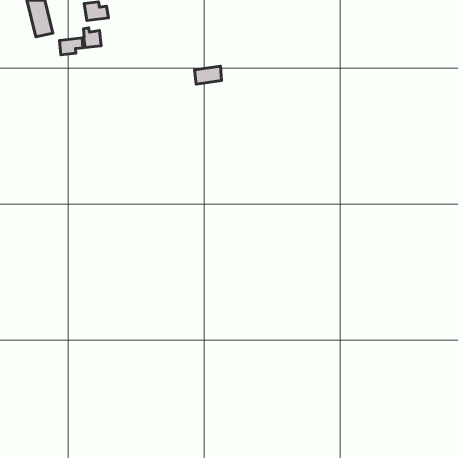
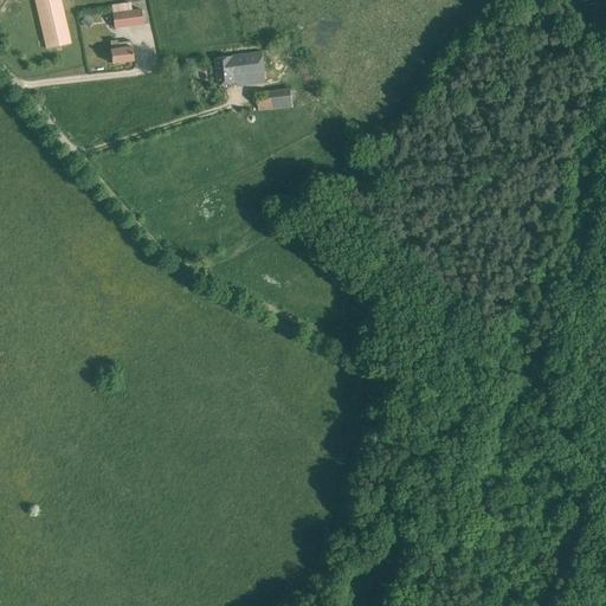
building: [60,38,83,55] -> none
building: none -> [215,52,266,85]

